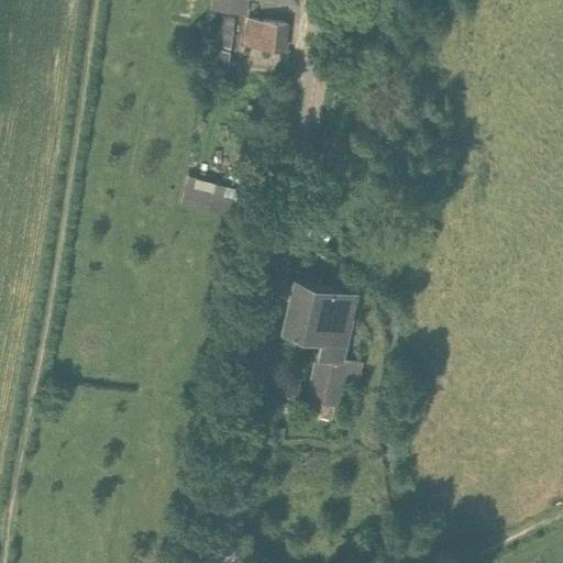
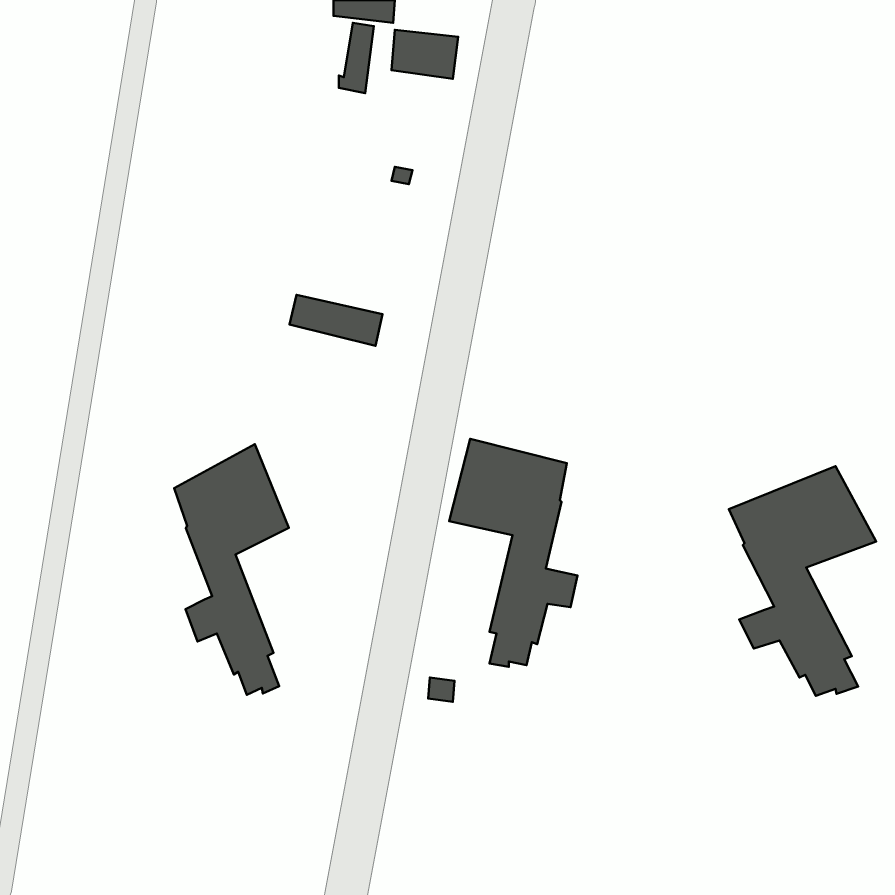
building: none -> [174,444,289,695]
building: none -> [729,466,876,696]

